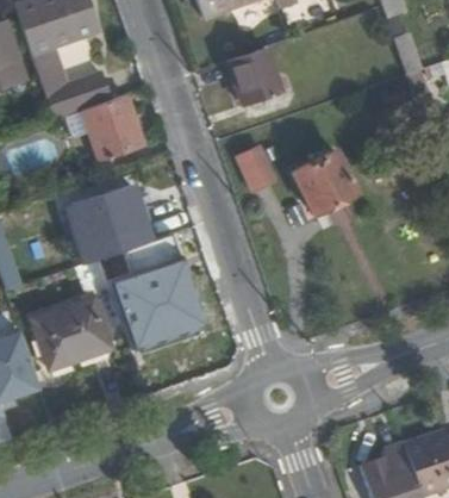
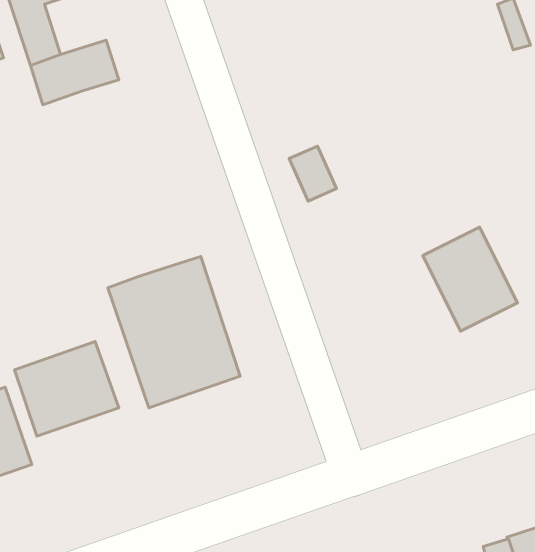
building: [230,50,281,107] -> none
building: [82,92,141,154] -> none
building: [293,151,364,230] -> [423,227,517,331]
building: [73,185,145,251] -> none

